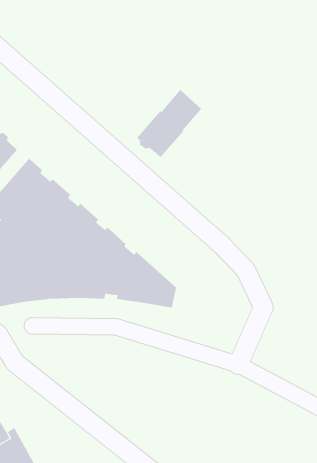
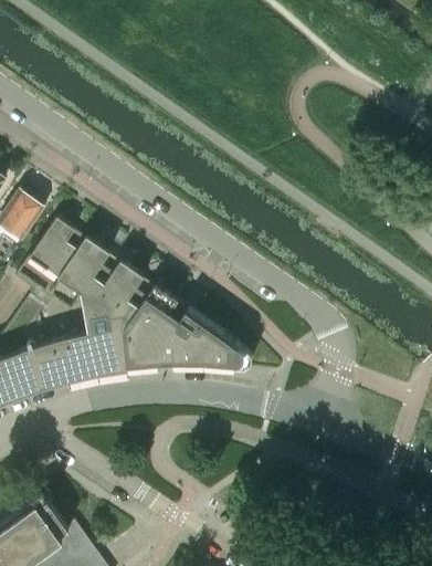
building: [137,89,202,158] -> none

